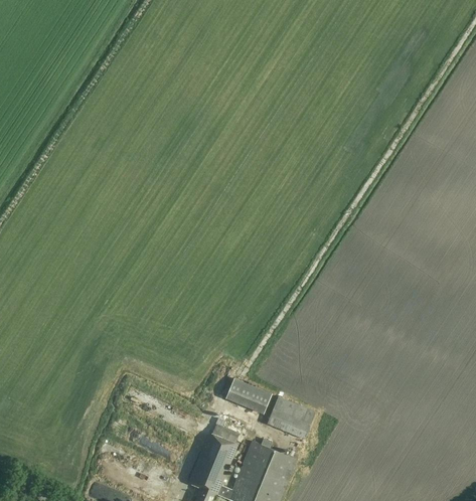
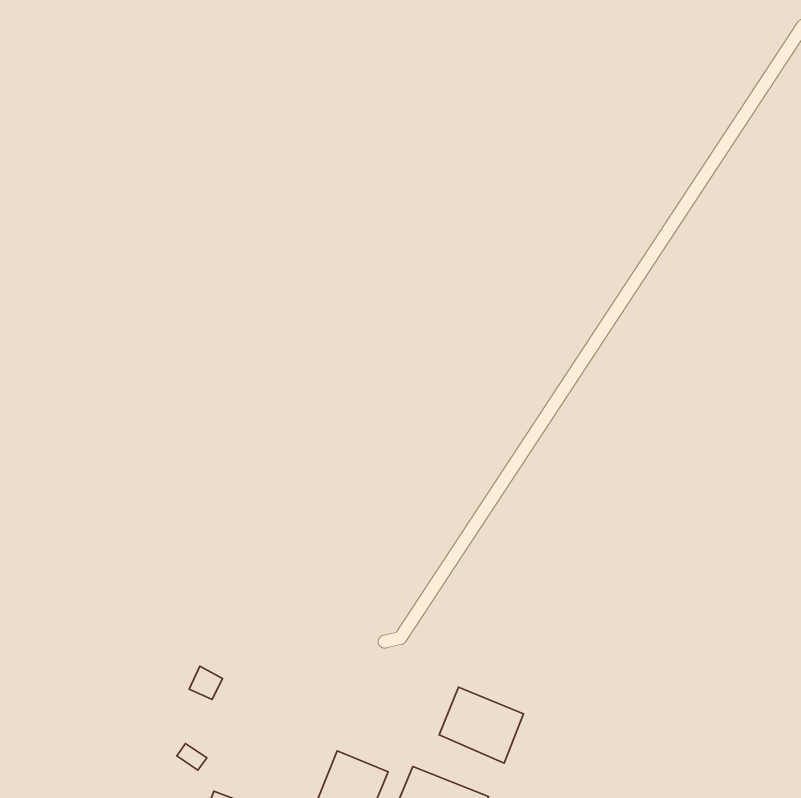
building: [224,377,272,413] -> none

